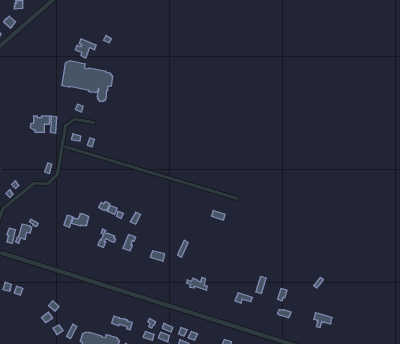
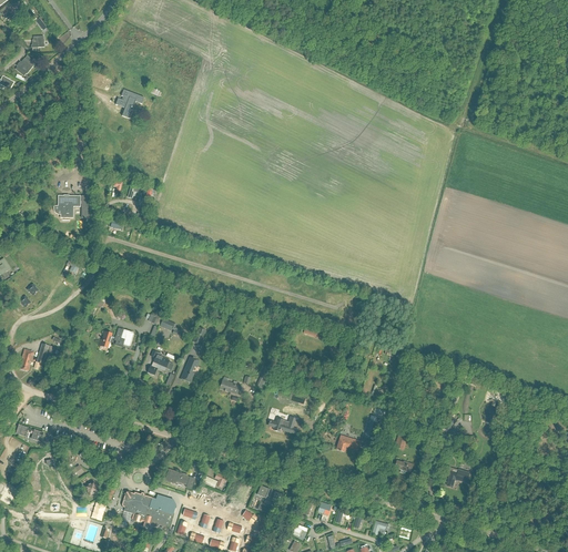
building: [62,61,113,102] -> none

